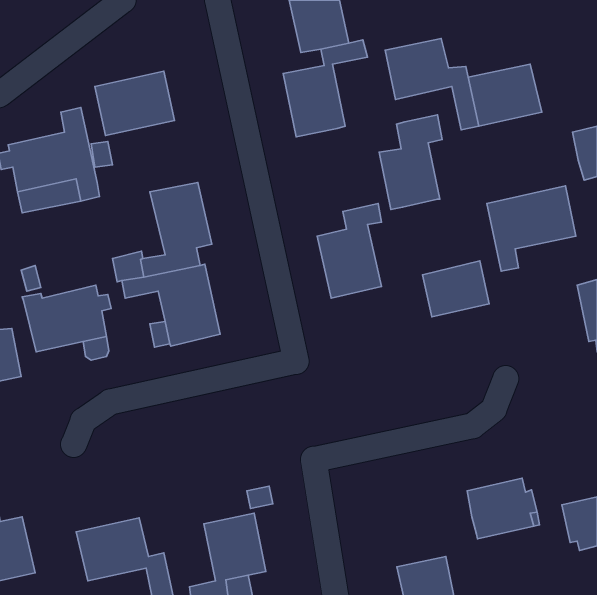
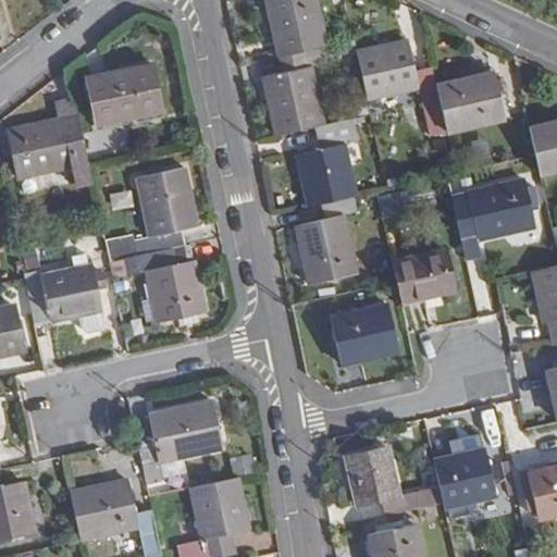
building: [379,115,442,210] -> [297,113,356,201]
building: none -> [329,301,397,358]
building: none -> [135,404,221,484]
building: none -> [346,445,443,512]

